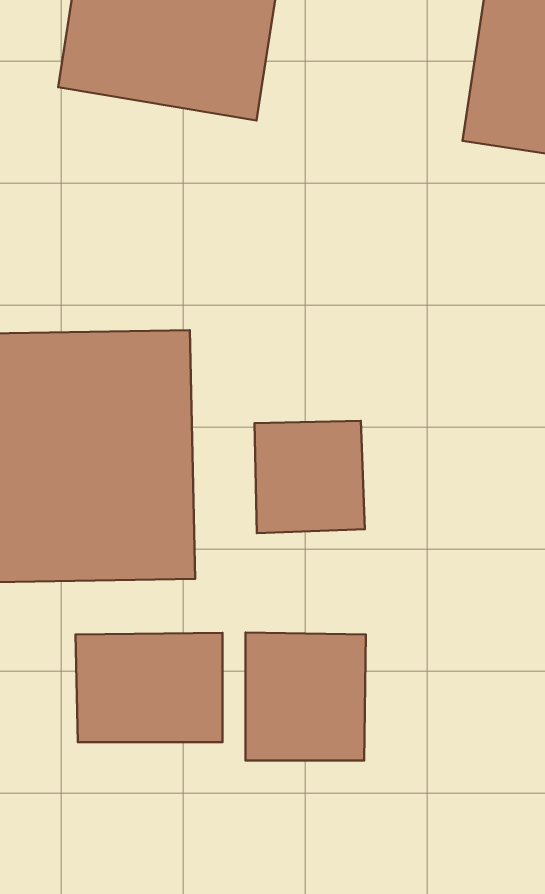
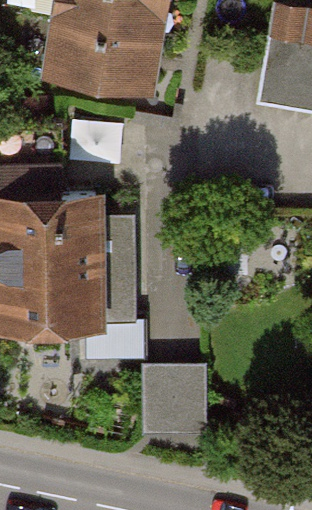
building: [254,421,365,533] -> none
building: [76,633,222,742] -> none

